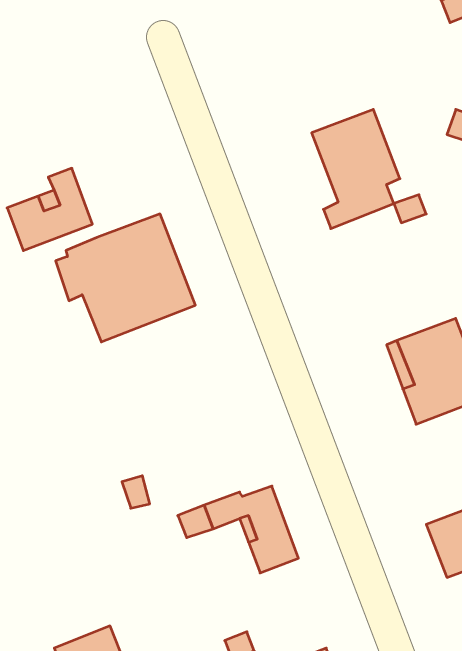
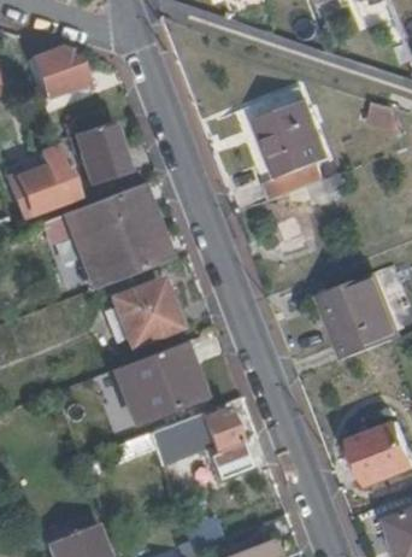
building: none -> [28,49,93,99]
building: none -> [70,124,128,188]
building: none -> [105,281,179,346]
building: none -> [113,345,200,424]

